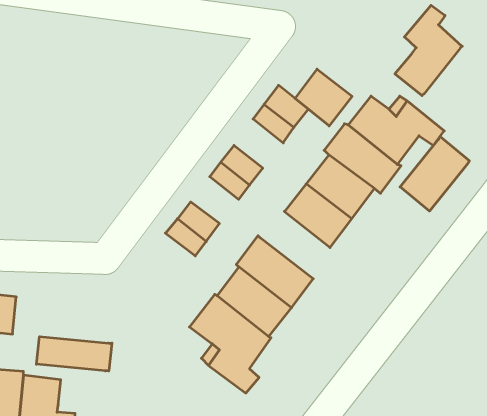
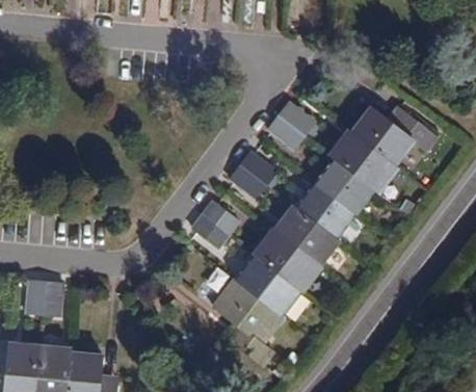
building: [395,5,462,96] -> none
building: [295,69,352,126] -> none
building: [400,137,469,211] -> none
building: none -> [274,208,339,267]
building: [36,337,112,371] -> none

